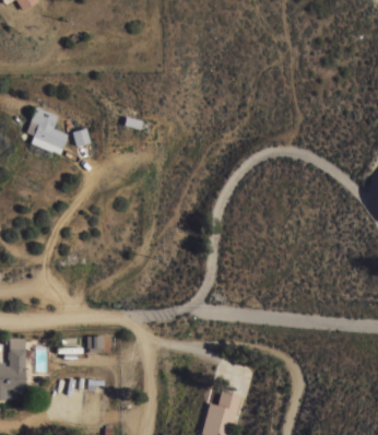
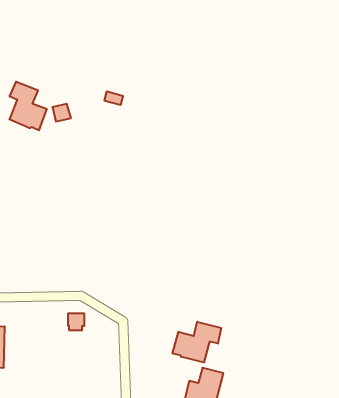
building: none -> [172,322,221,362]

